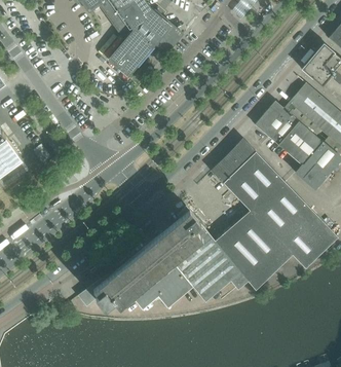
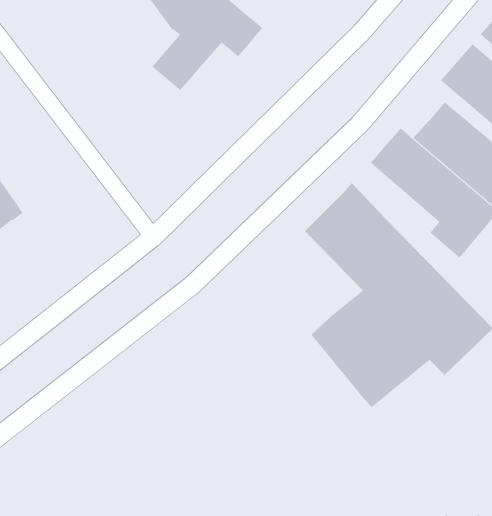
building: [77,205,248,309] -> none

